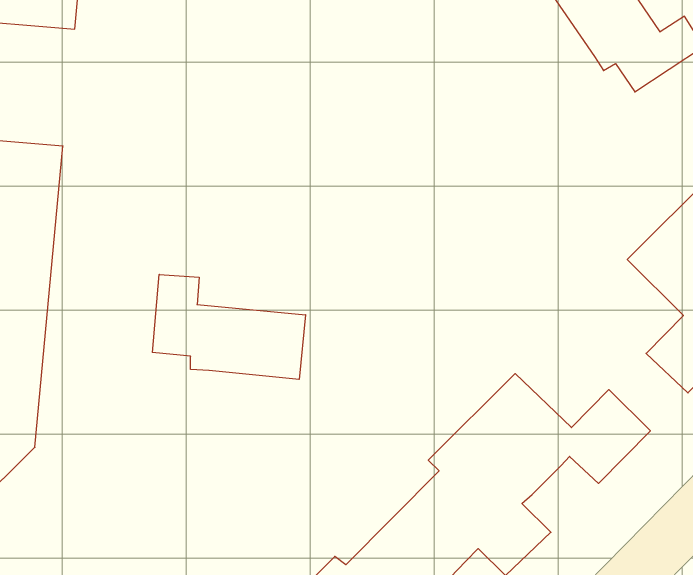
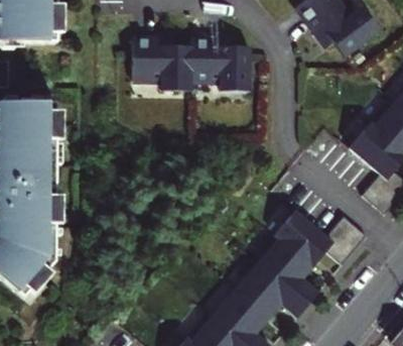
building: none -> [134,38,251,90]
building: [152,274,306,379] -> none

